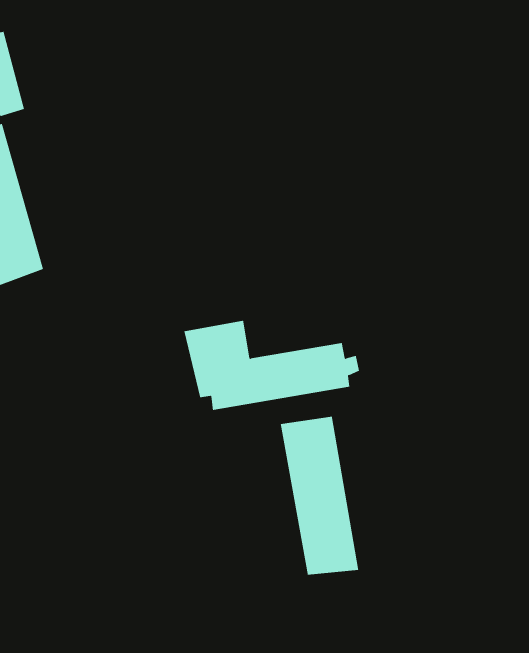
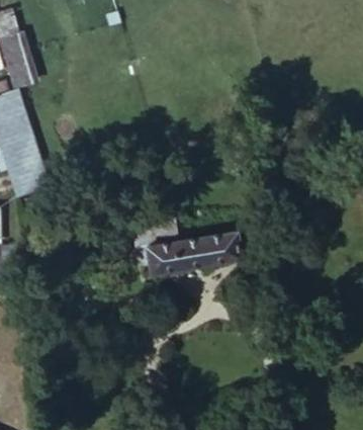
building: [280,416,359,576] -> none

